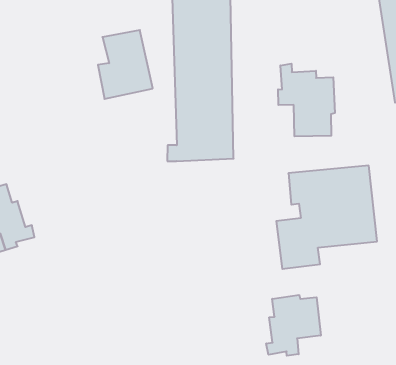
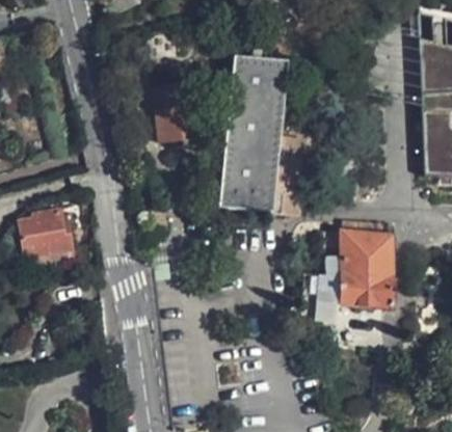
building: [278,64,335,136] -> none
building: [266,295,321,356] -> none

